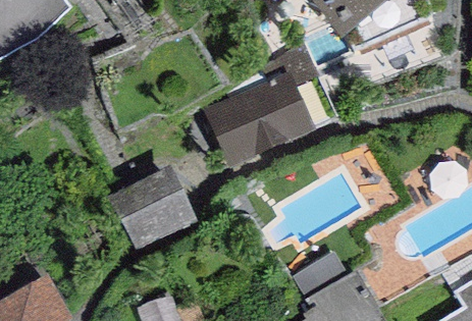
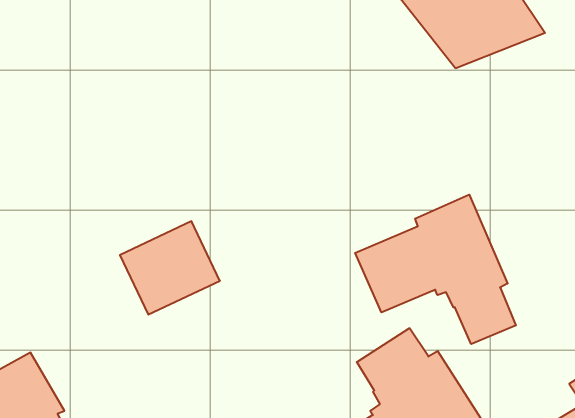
building: [203,70,313,164] -> none
building: none -> [355,195,516,344]

